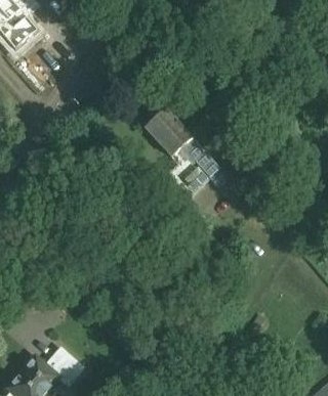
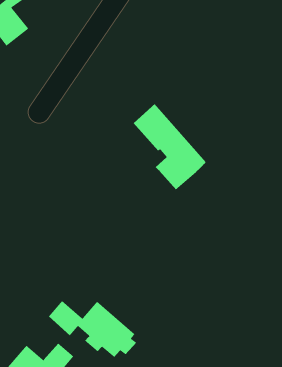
building: none -> [48,300,137,358]

